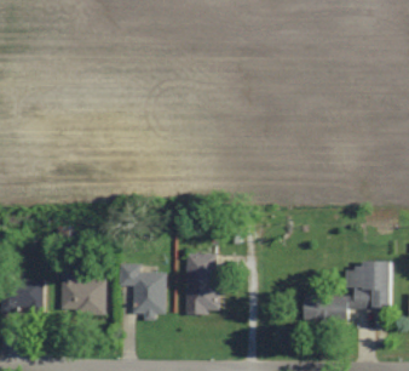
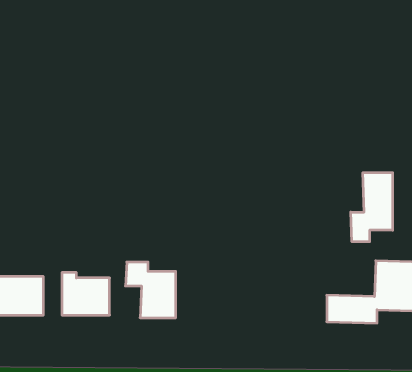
building: none -> [351,173,393,242]
building: [186,253,218,313] -> none

